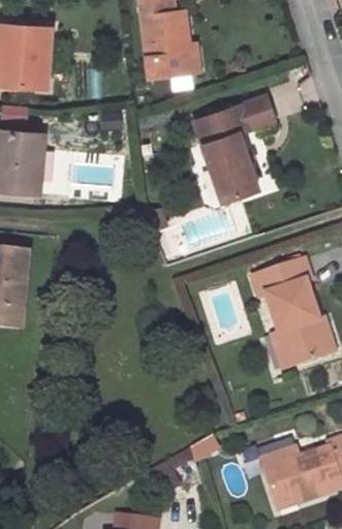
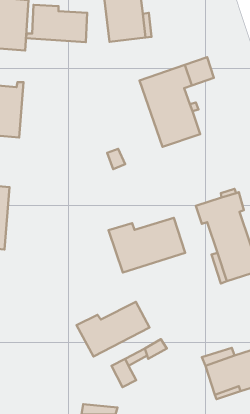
building: none -> [26,5,87,42]
building: none -> [109,218,185,272]
building: none -> [77,302,150,357]

